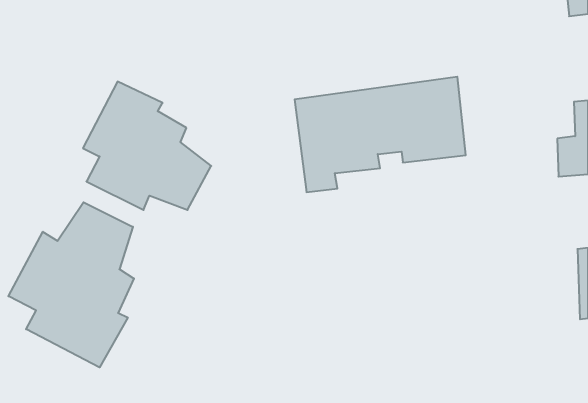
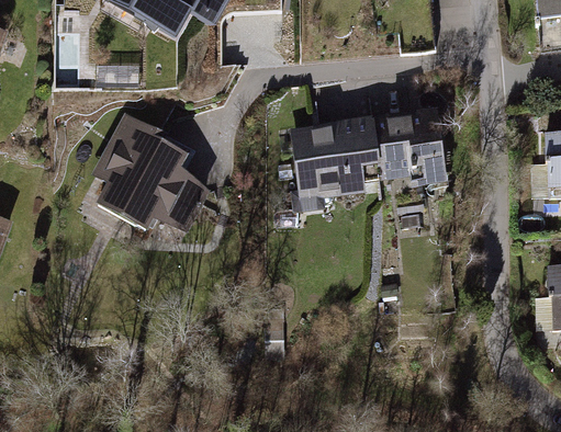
building: [8,202,134,367] -> none

